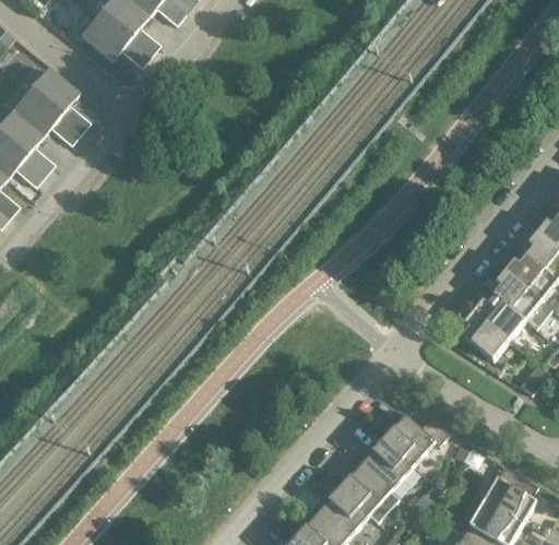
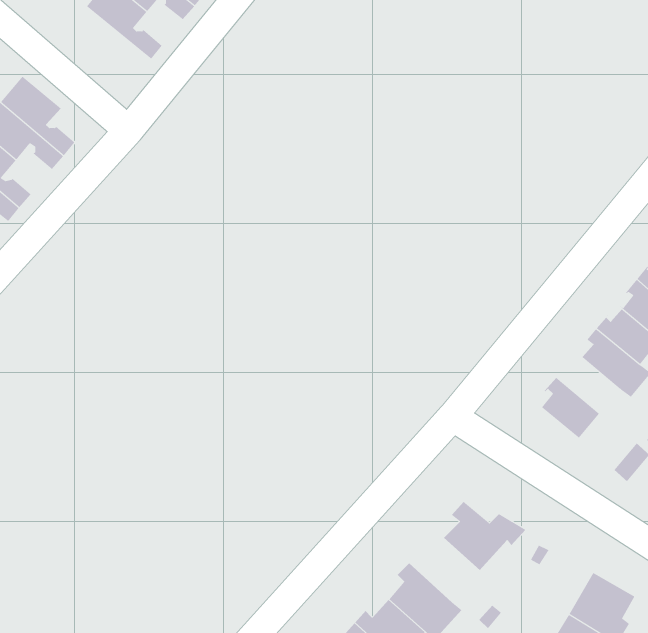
building: [80,13,150,67] -> none
building: [474,292,525,340] -> none
building: [356,439,413,490] -> none

